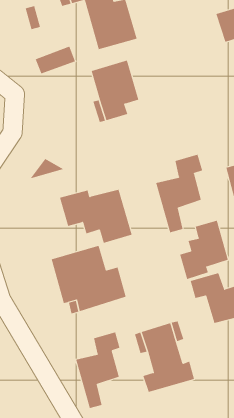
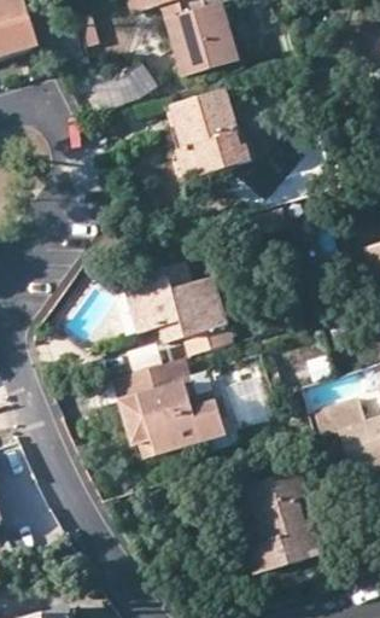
building: [156,154,203,233] -> none
building: [180,220,229,280] -> none
building: [75,332,120,409] -> none

